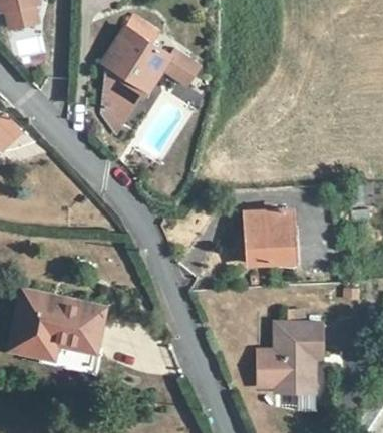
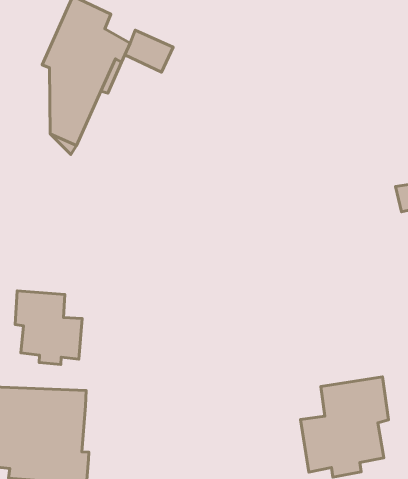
building: [246,211,293,264] -> none
building: none -> [15,291,82,365]

